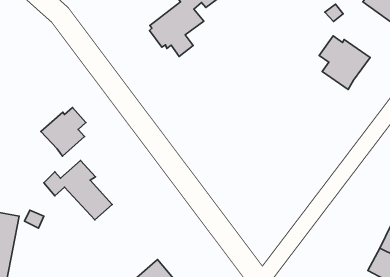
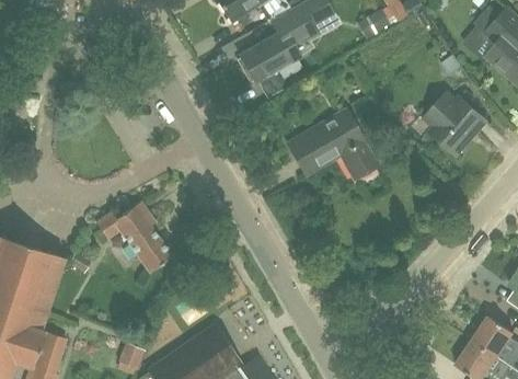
building: none -> [289,113,373,176]
building: [41,107,86,156] -> none

